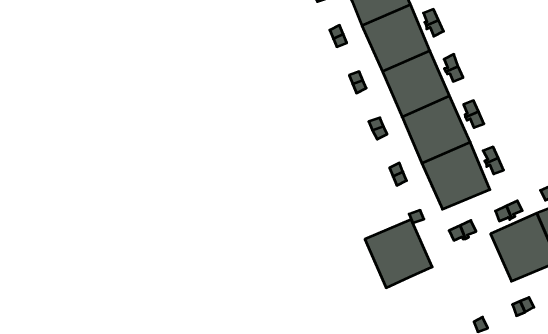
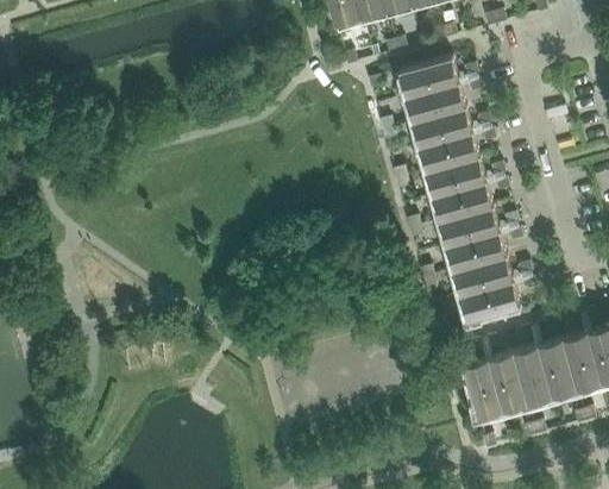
building: [365,220,432,288] -> [463,355,527,420]

